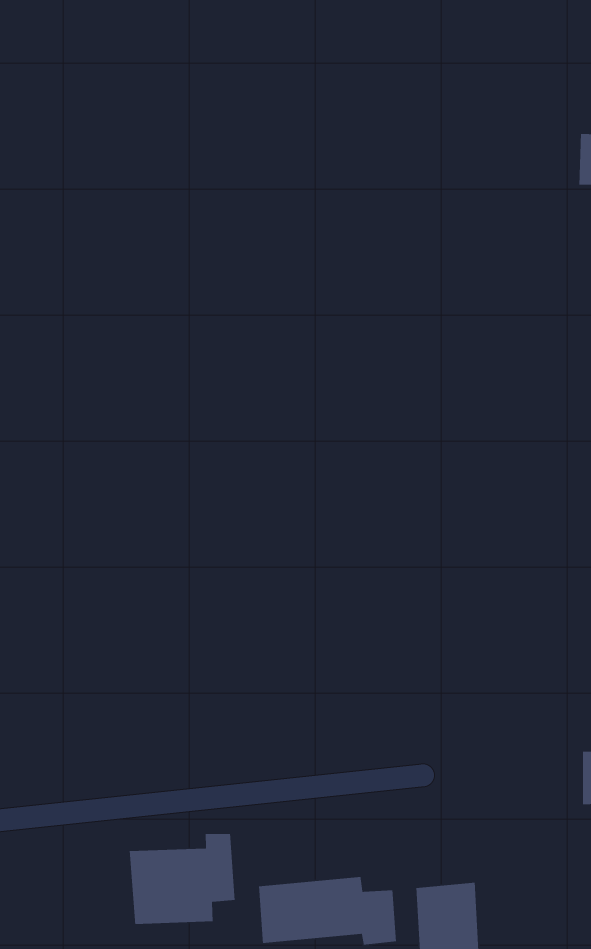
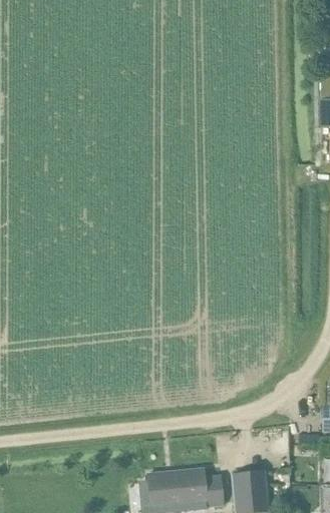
building: [129,833,236,925] -> none

